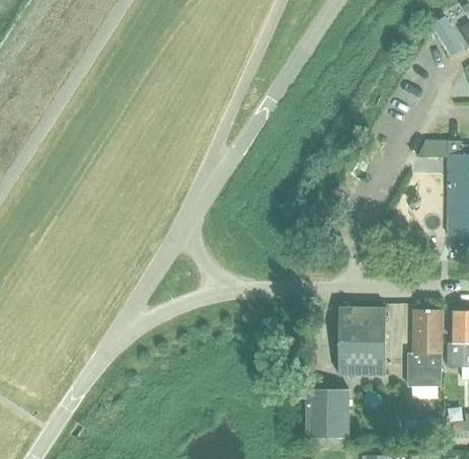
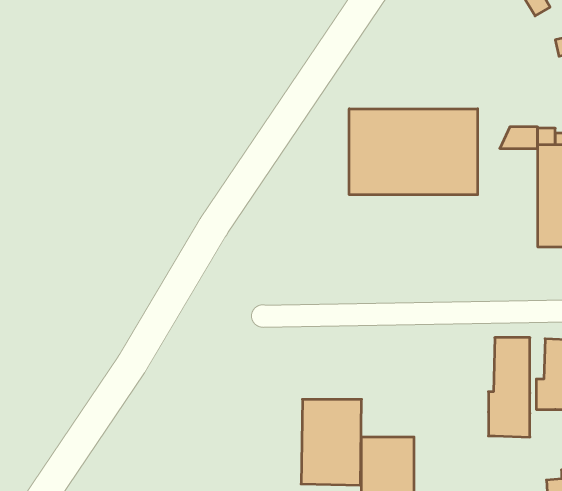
building: none -> [349,109,478,195]
building: [337,307,386,376] -> [301,399,362,485]

